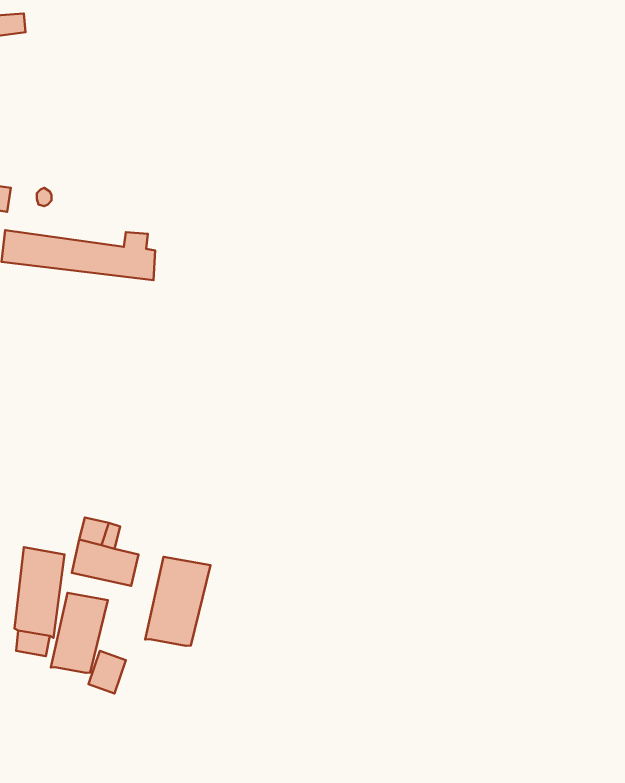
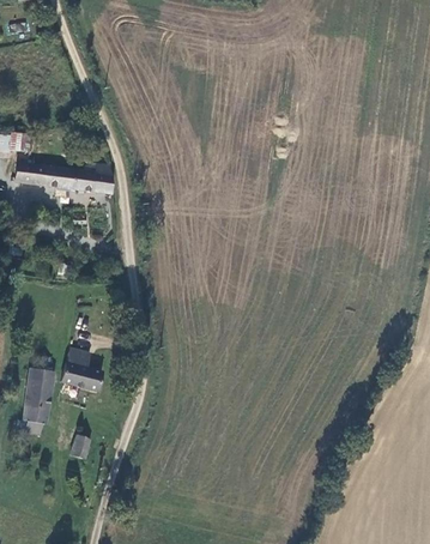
building: [145,557,210,646] -> none
building: [51,593,108,673] -> none

